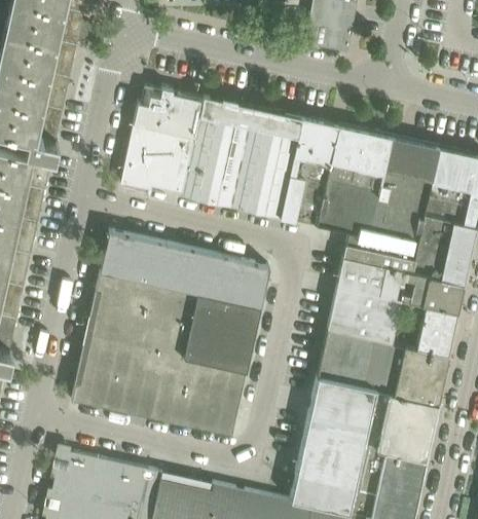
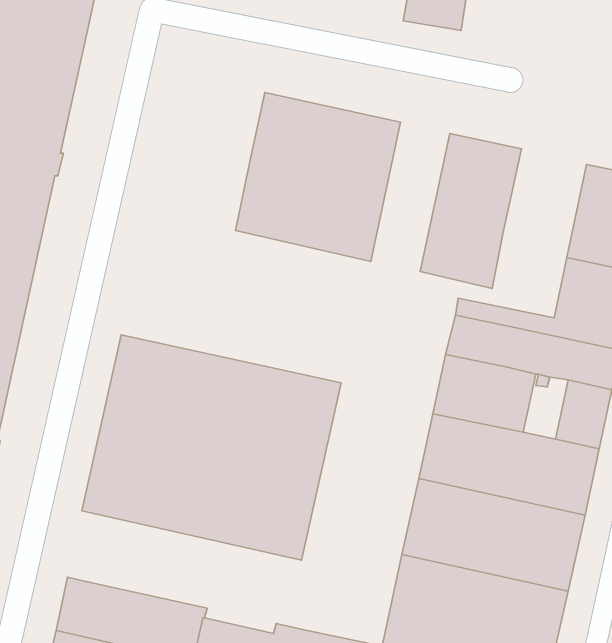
building: [119,87,204,196] -> none
building: [281,117,338,226] -> none
building: [344,137,438,260] -> none
building: [99,231,268,307] -> none

